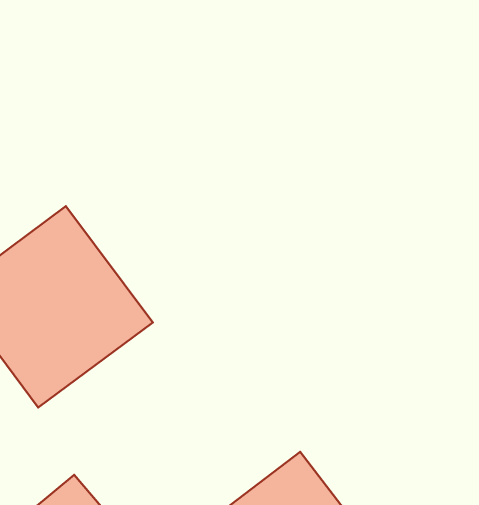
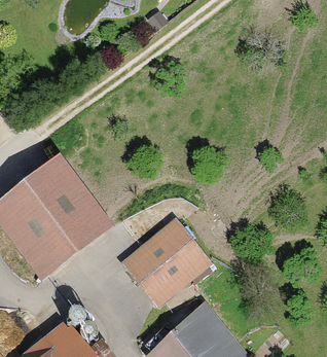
building: none -> [121,218,215,310]

